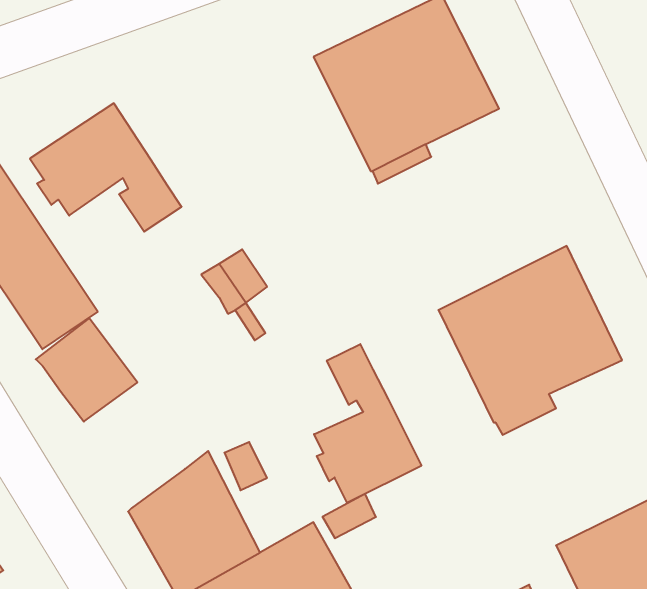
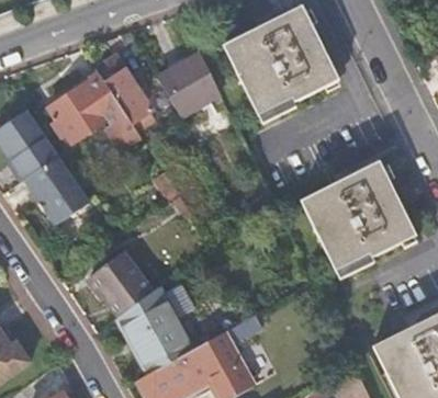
building: none -> [160,53,222,116]
building: none -> [97,55,154,124]
building: [36,318,137,422] -> [82,259,145,322]
building: [314,344,421,503] -> none

